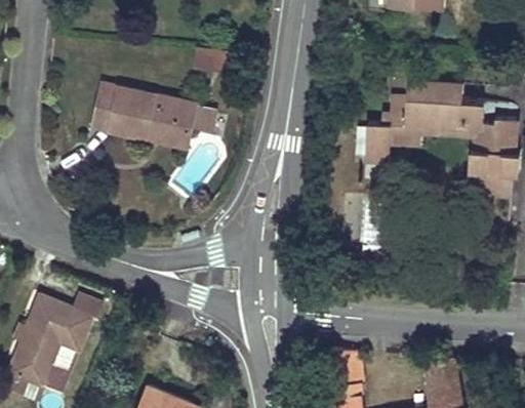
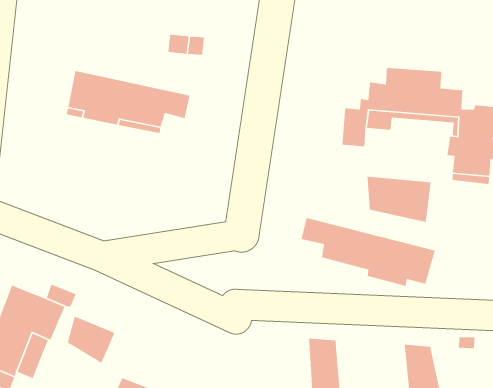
building: none -> [367,176,431,223]
building: none -> [301,217,436,287]
building: none -> [67,315,116,364]

